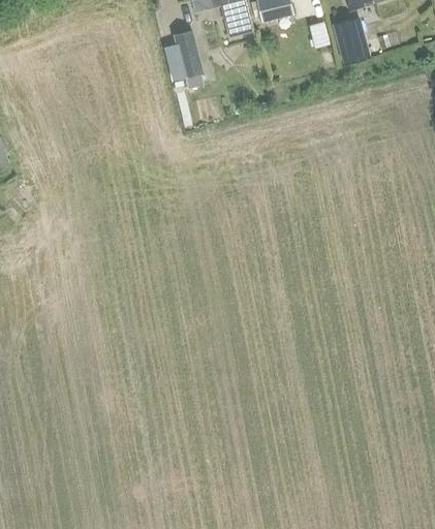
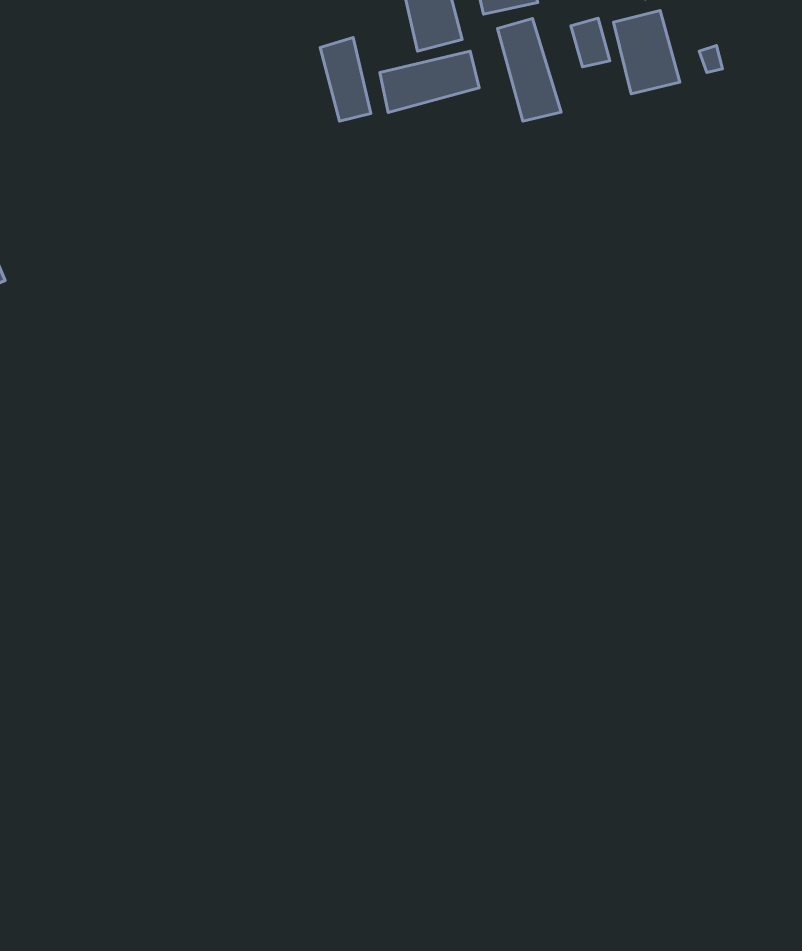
building: none -> [498,18,561,121]
building: none -> [380,51,479,112]

